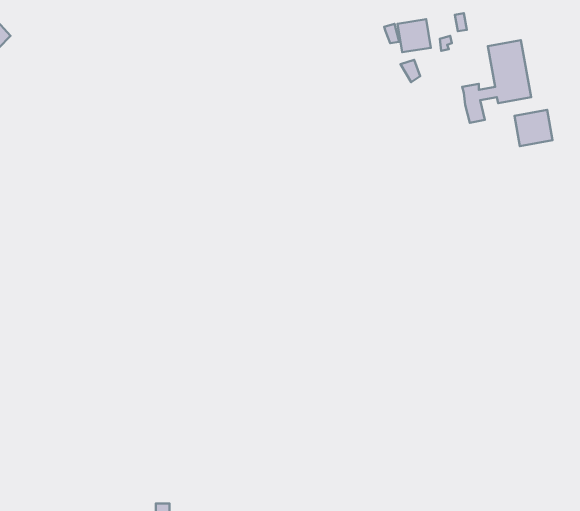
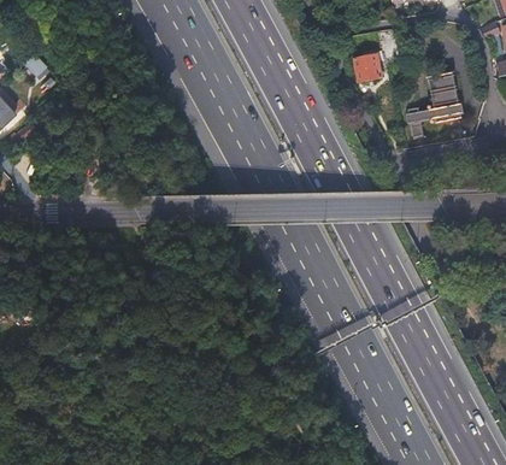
building: [514,110,553,146] -> none

